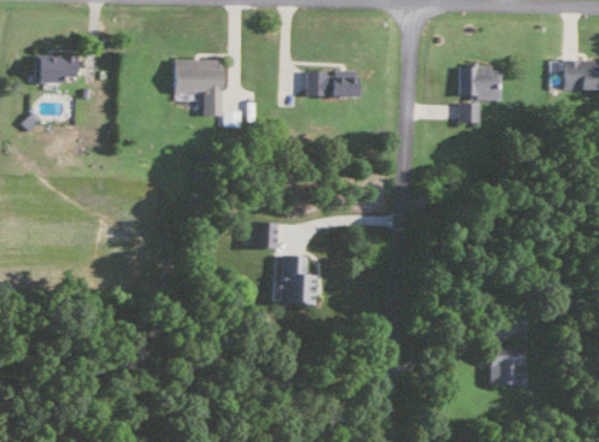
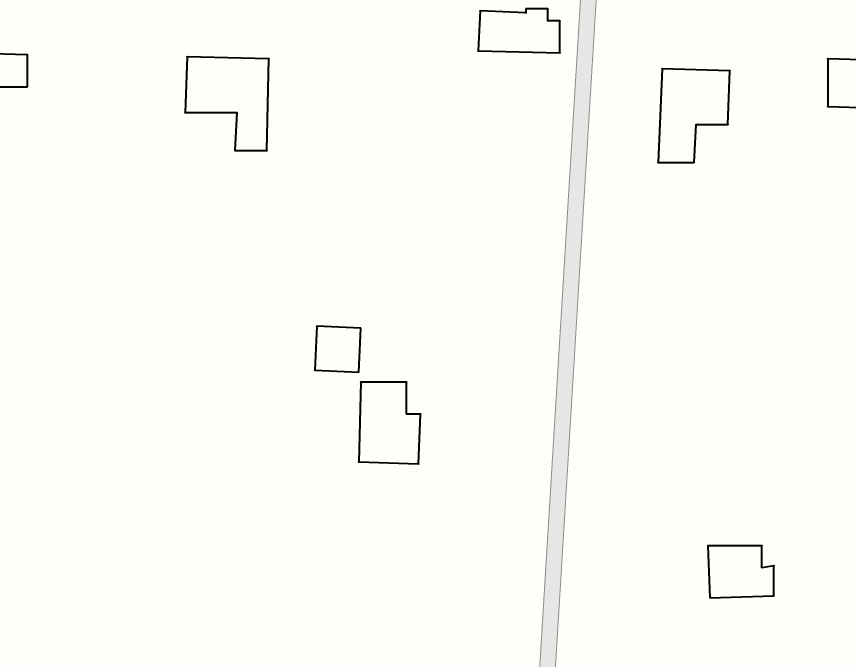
building: [306,70,356,96] -> [478,9,560,53]

